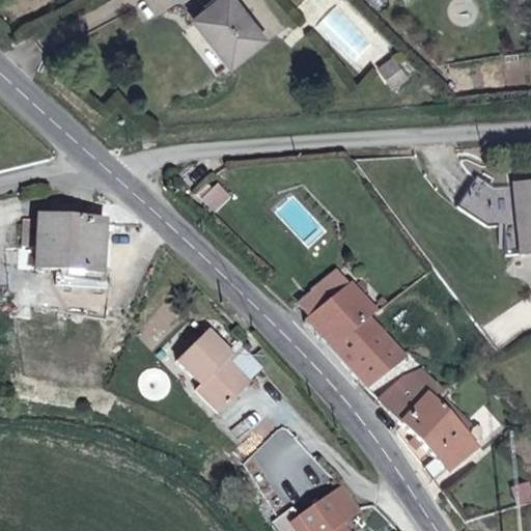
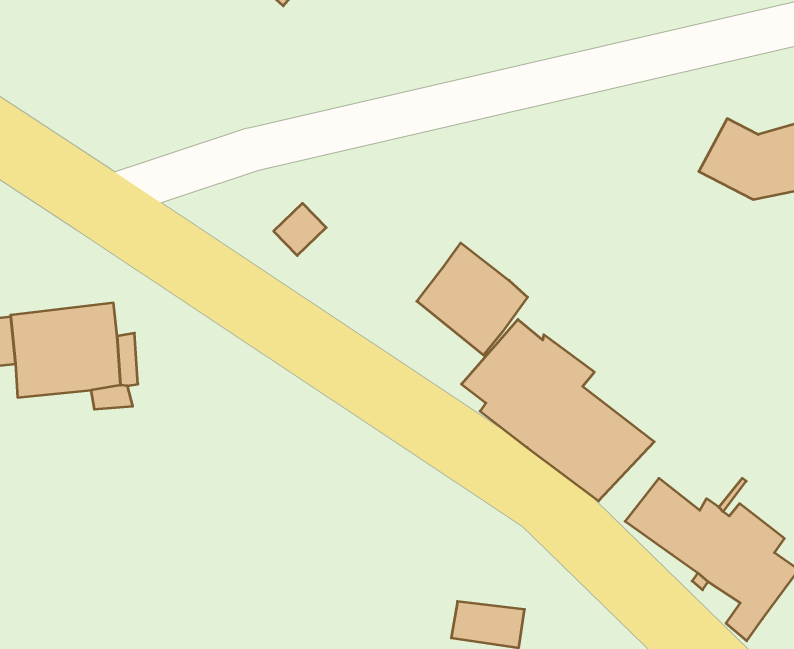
building: none -> [417,243,528,355]
building: [178,329,250,410] -> none

